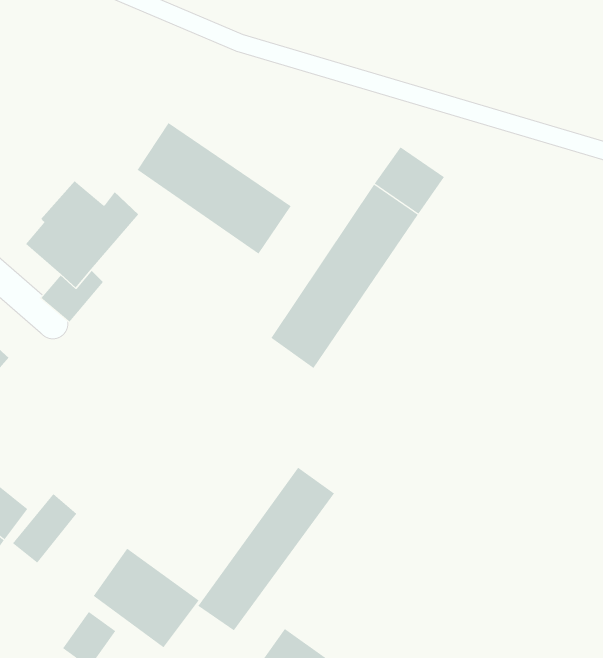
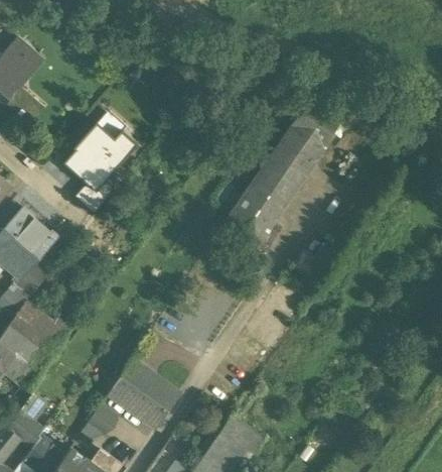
building: [137,122,291,255] -> none
building: [198,467,335,631] -> none
building: [12,493,77,564] -> none

